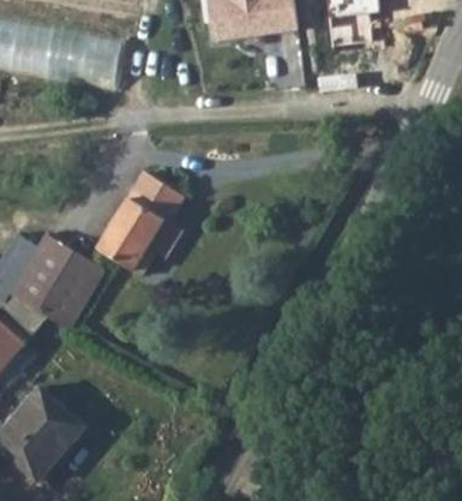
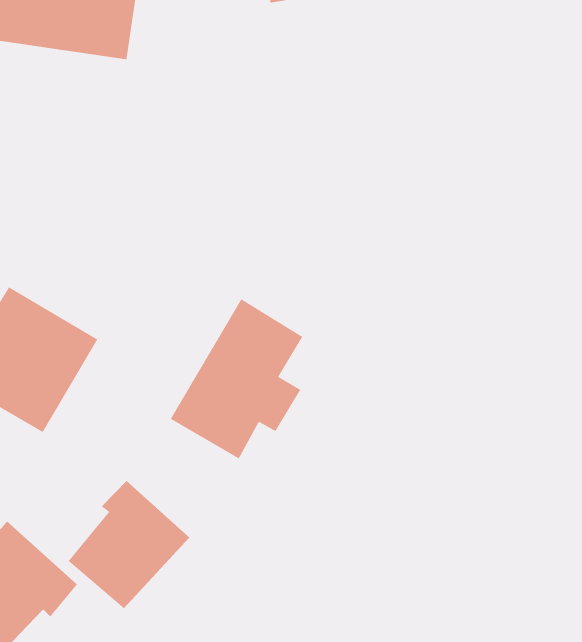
building: [96,168,184,274] -> [170,298,303,459]
building: none -> [68,480,190,609]

